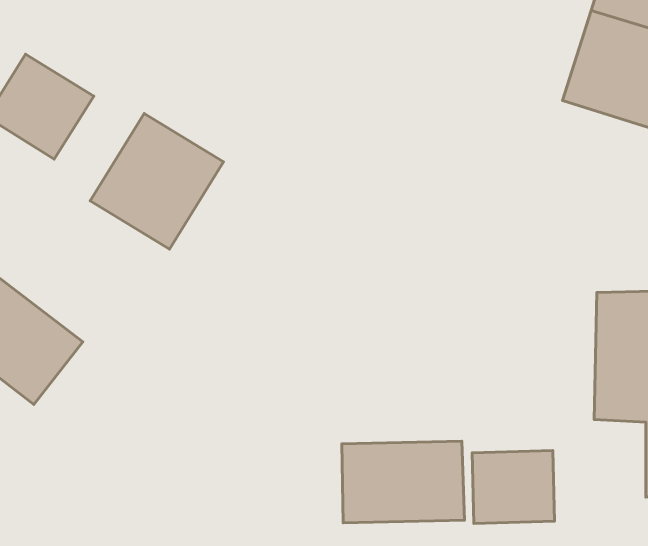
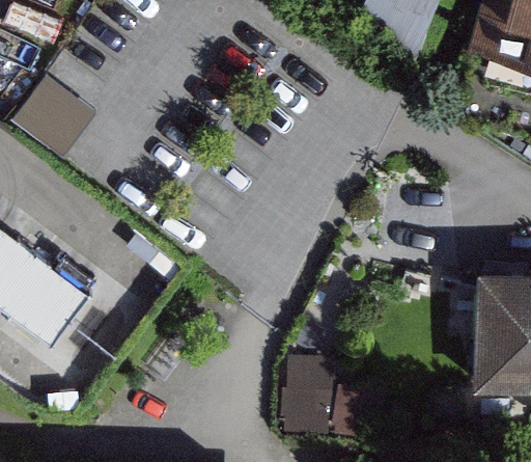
building: [90,113,223,249] -> none
building: [472,451,554,524] -> none

